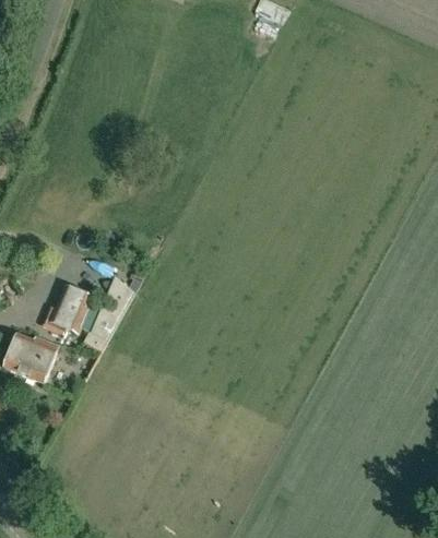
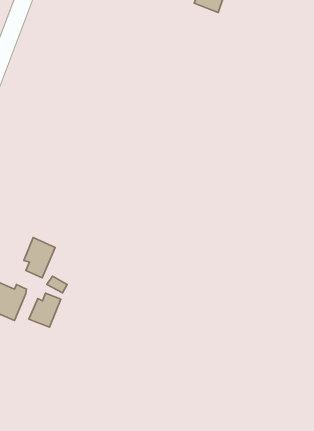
building: none -> [29,293,61,327]

